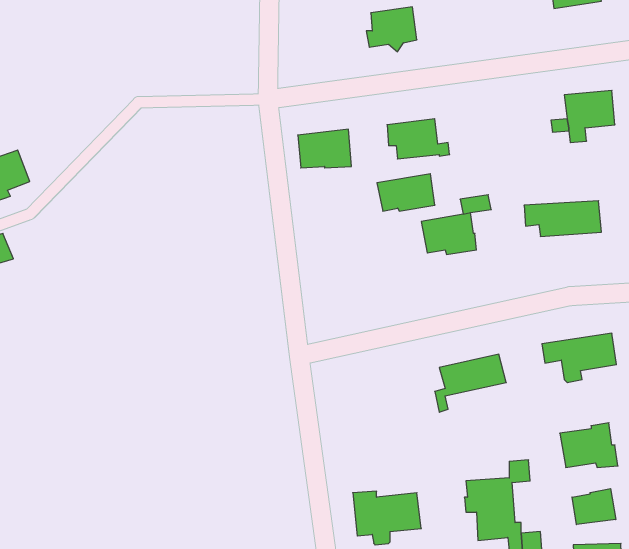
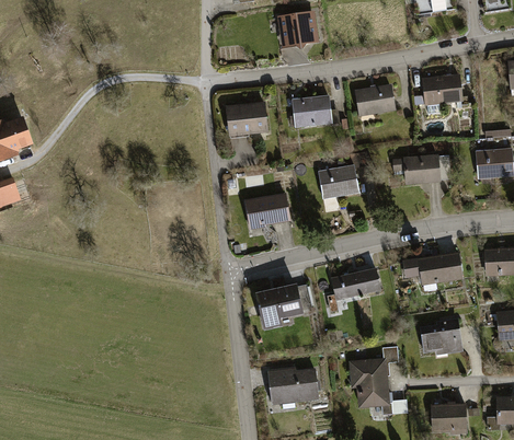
building: none -> [356,85,393,111]
building: [377,174,435,211] -> [245,195,288,222]
building: none -> [258,283,311,325]
building: [572,489,616,525] -> none

